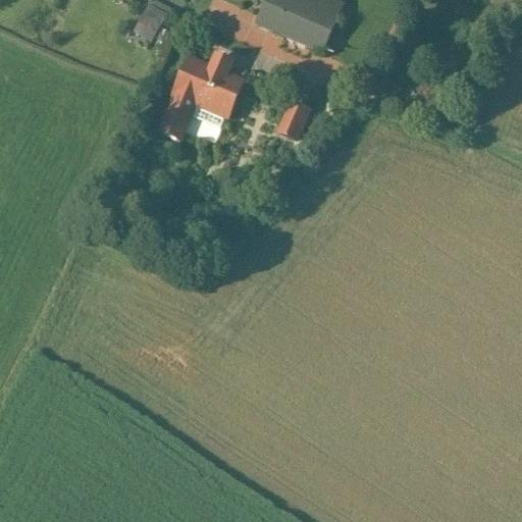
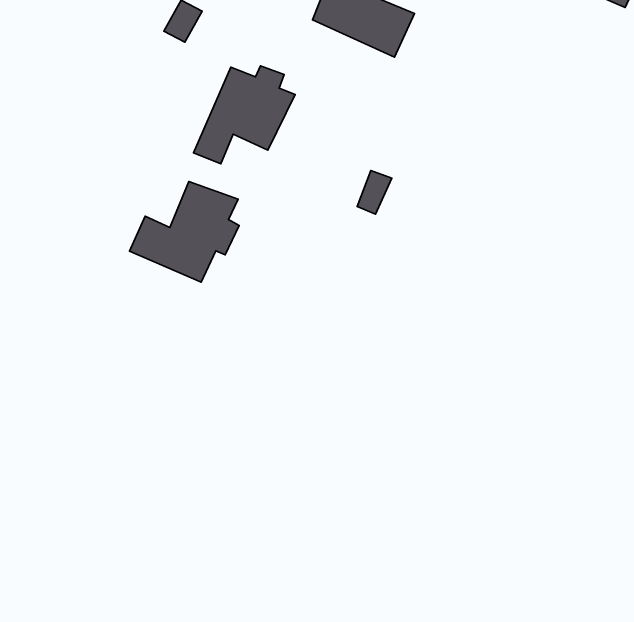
building: [279,99,308,135] -> [357,171,392,214]
building: none -> [129,182,239,282]

